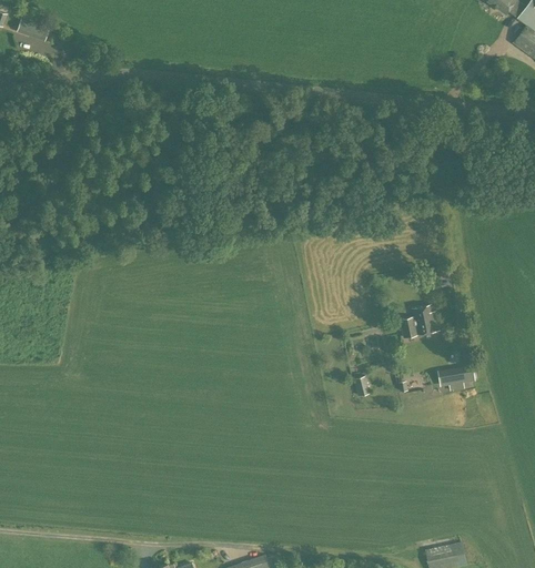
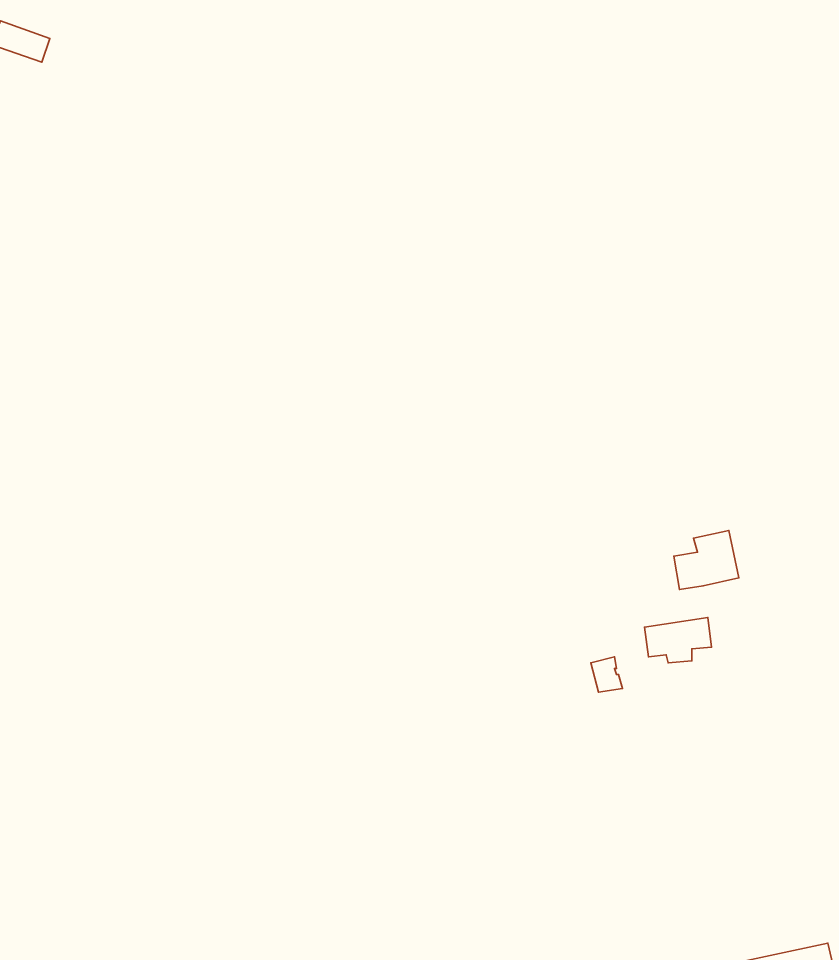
building: [437,365,475,390] -> [645,617,712,663]

